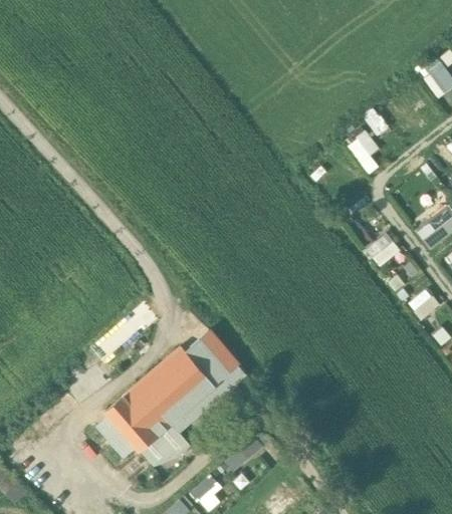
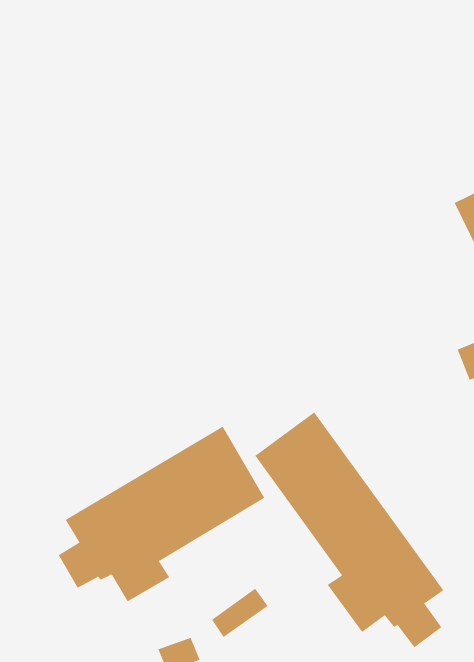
building: none -> [254,411,444,648]

